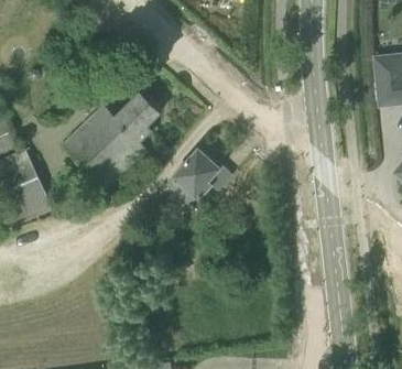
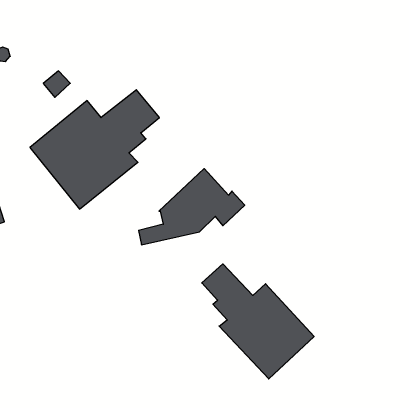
building: none -> [202,264,314,379]

